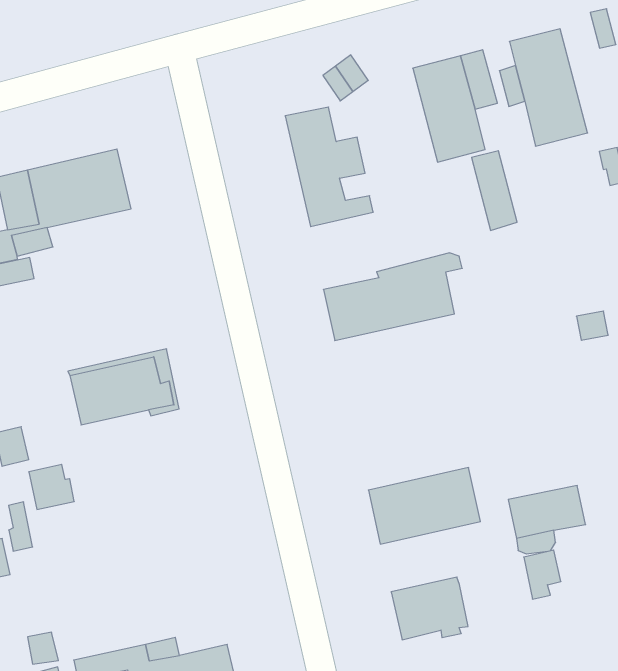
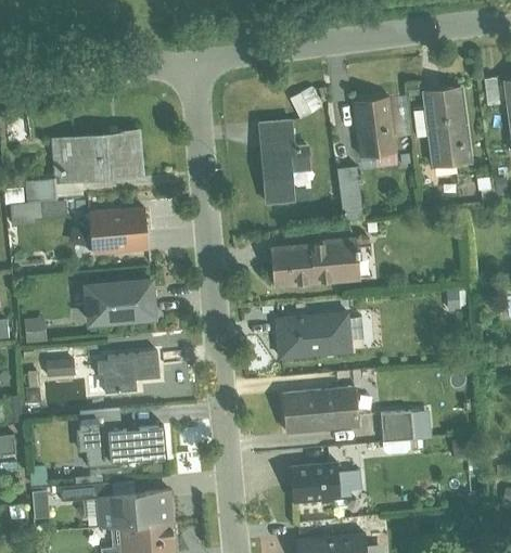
building: [472,151,517,230] -> [337,167,363,222]
building: none -> [89,209,149,253]
building: none -> [277,313,353,359]
building: none -> [88,352,159,395]
building: none -> [77,410,167,466]
building: [524,550,561,599] -> [338,467,362,500]

